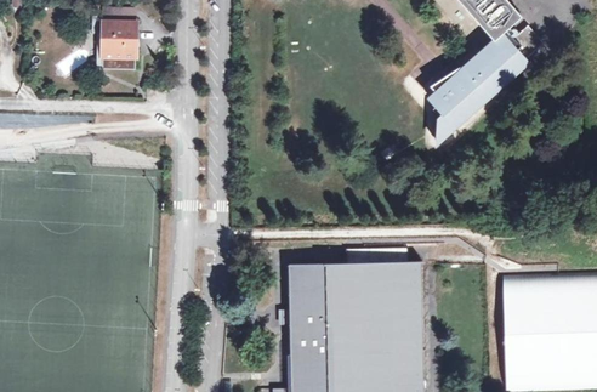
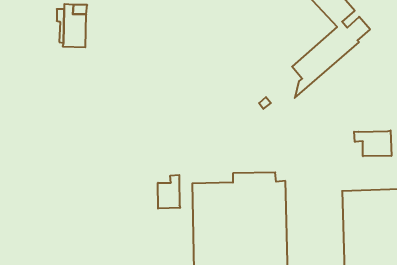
building: none -> [354,130,391,156]
building: none -> [158,175,180,209]

